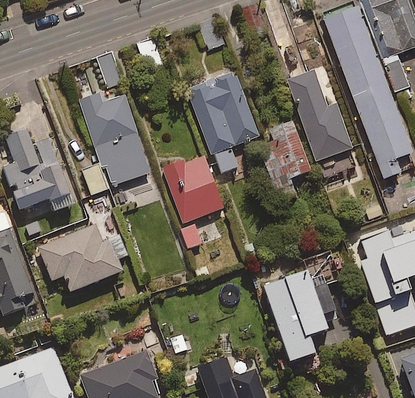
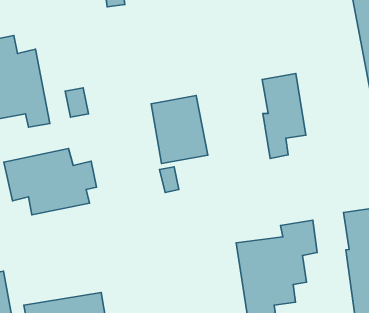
building: [287,71,358,179] -> none
building: [188,74,258,174] -> none
building: [80,94,149,186] -> none

